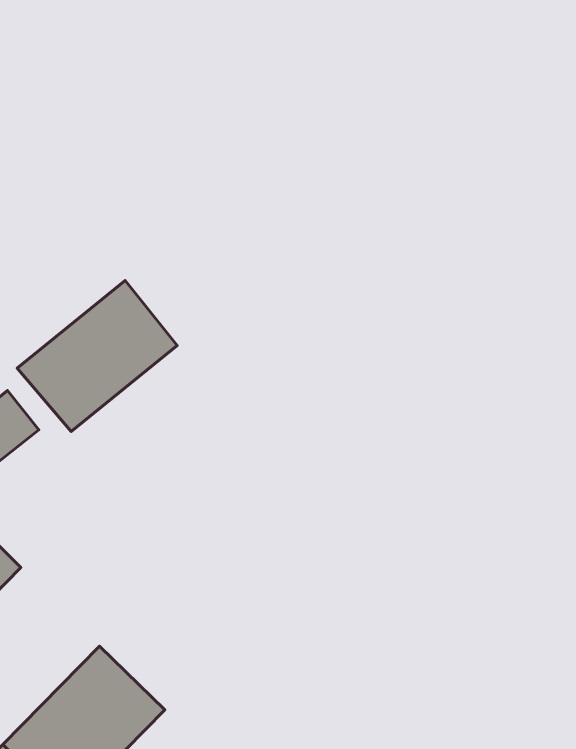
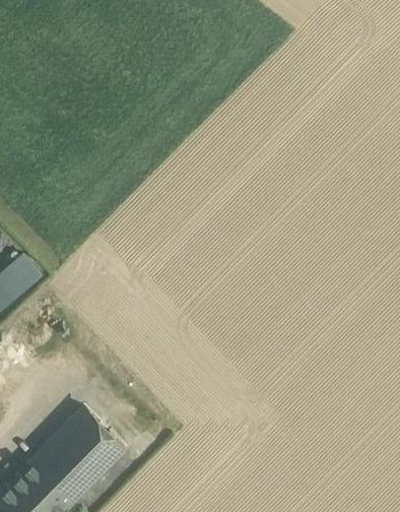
building: [17,281,177,432] -> none

